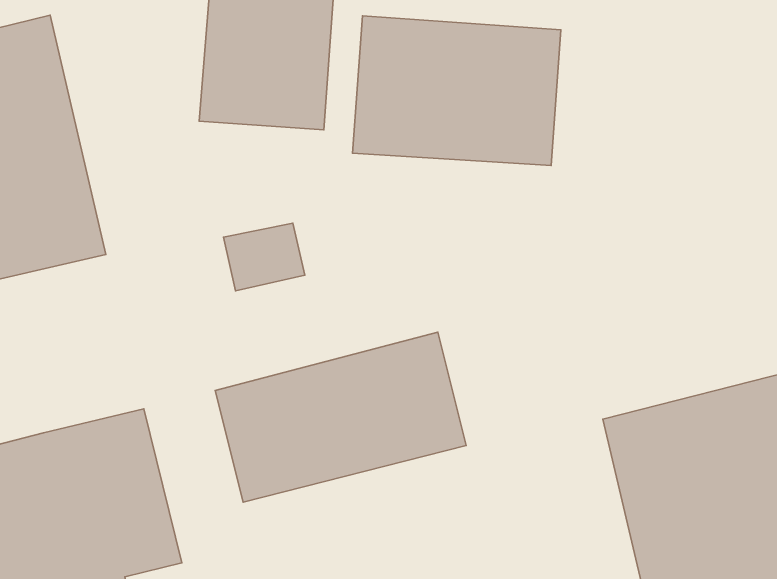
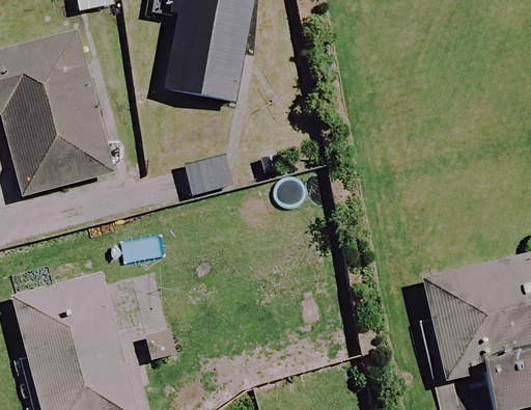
building: [353,16,561,165] -> none
building: [215,332,466,502] -> none

